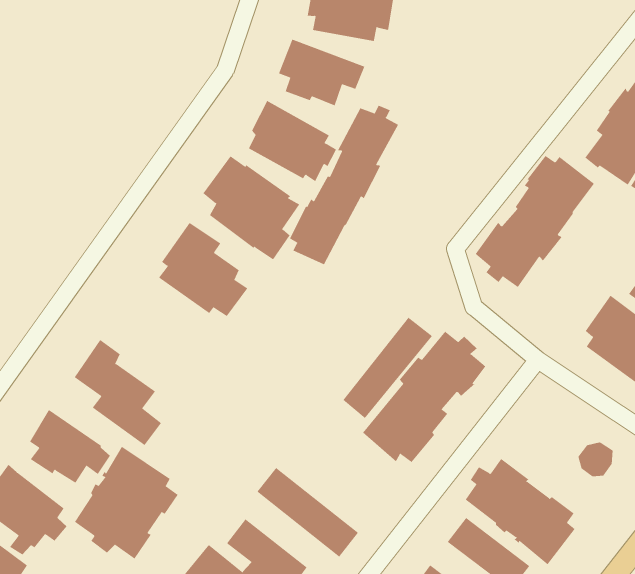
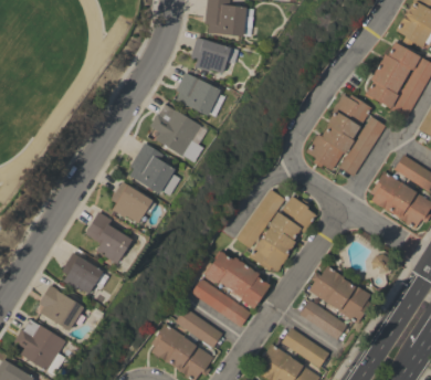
building: [289,105,399,265] -> none
building: none -> [338,117,386,177]
building: none -> [111,182,157,223]
building: none -> [204,251,270,309]
building: [74,446,178,559] -> none

